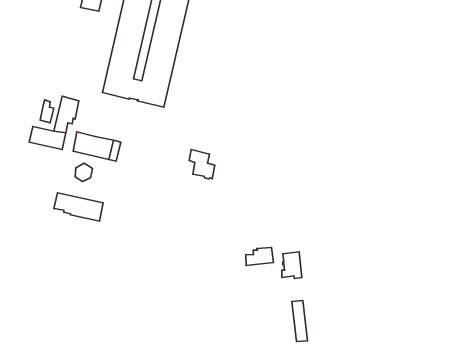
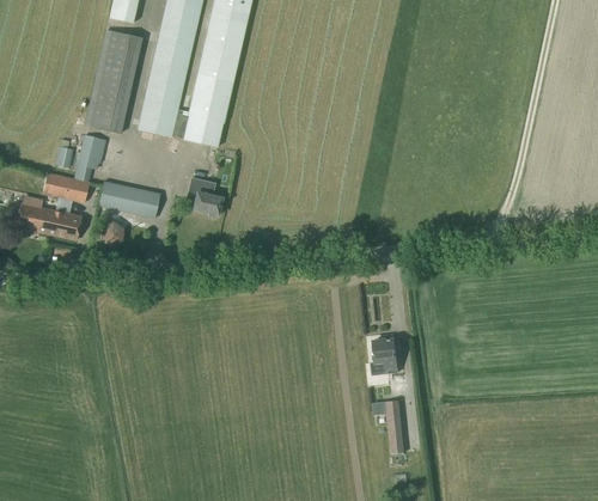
building: none -> [85,29,142,133]
building: [189,150,215,179] -> [189,177,222,215]
building: [54,193,103,221] -> [17,202,81,239]
building: [246,247,273,265] -> none

